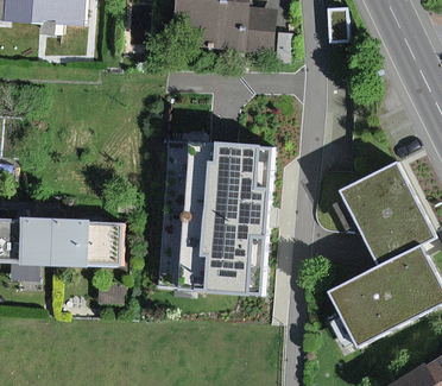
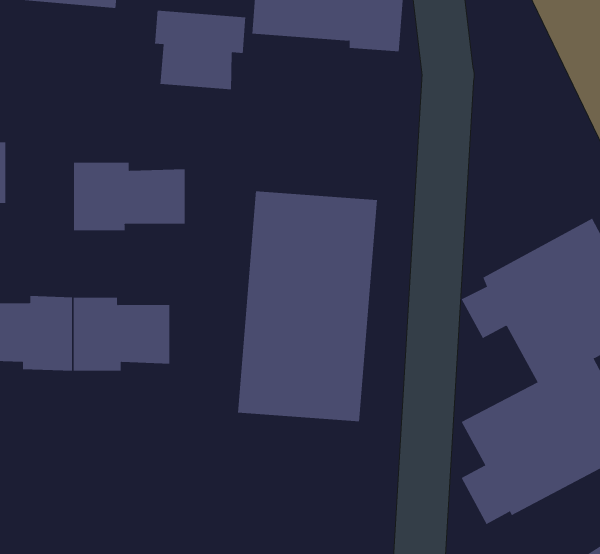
building: none -> [154,10,246,90]
building: none -> [73,162,185,231]

